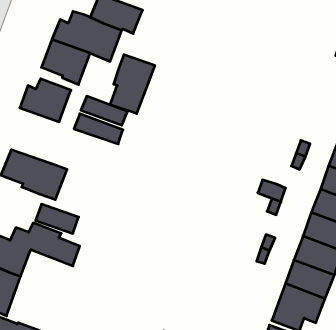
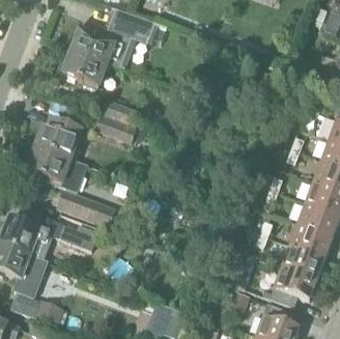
building: [110,55,155,114] -> none
building: [20,79,71,122] -> [37,119,83,158]

